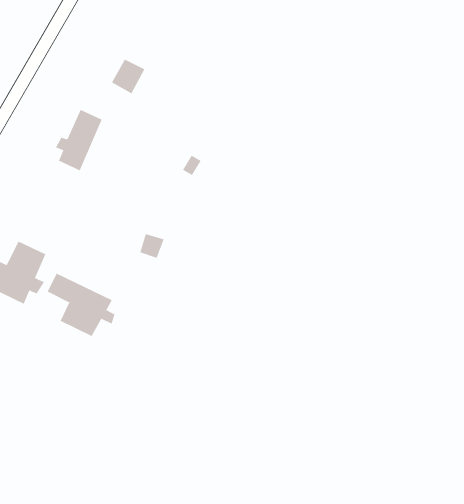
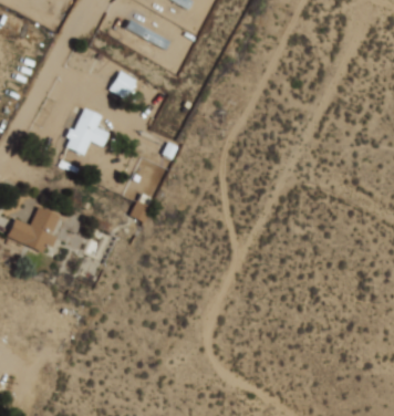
building: [47,273,115,337] -> none

